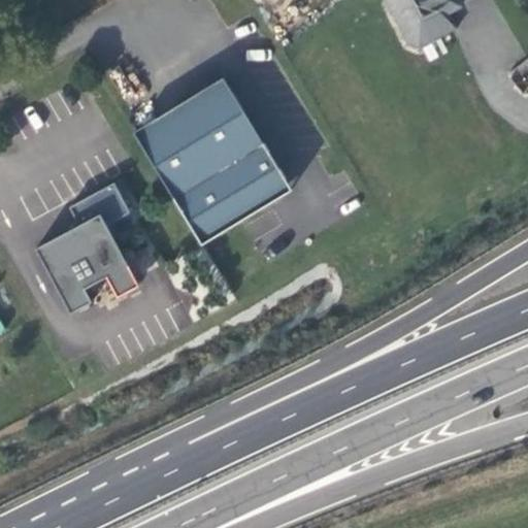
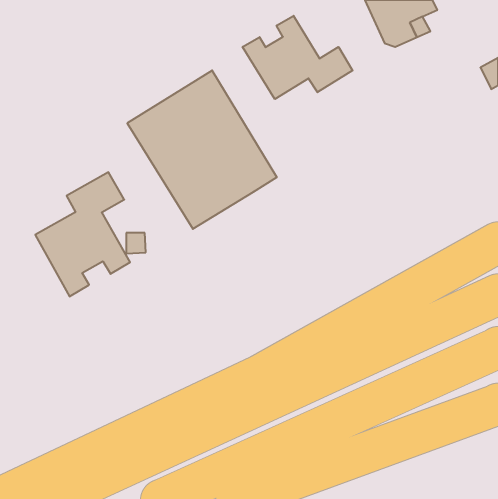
building: none -> [243,16,353,99]

